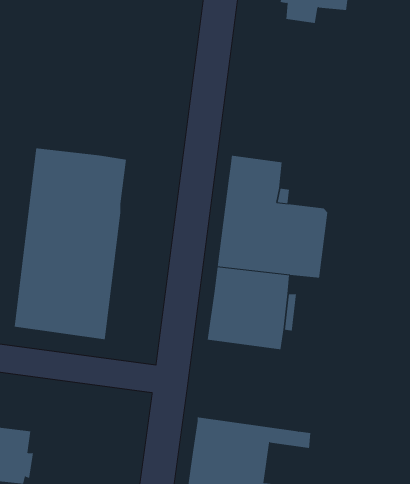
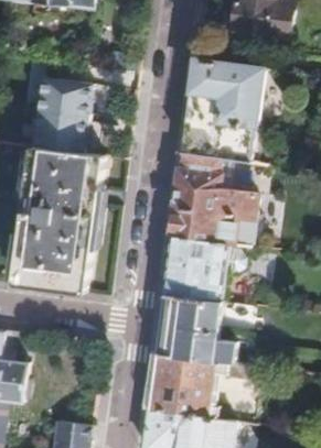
building: none -> [181,59,260,161]
building: none -> [25,77,88,151]
building: none -> [154,293,236,363]

